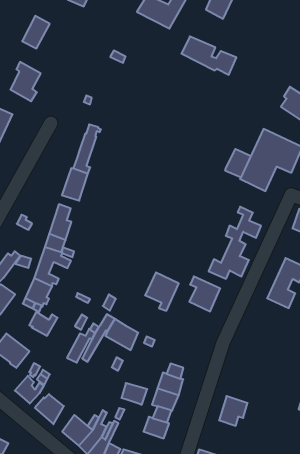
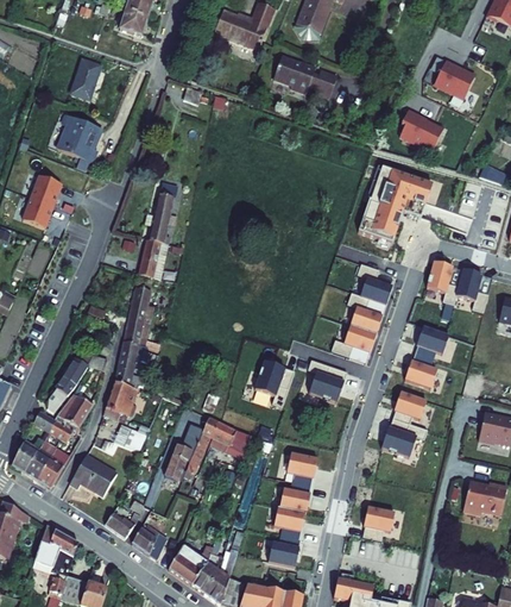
building: [225,149,251,178] -> none
building: none -> [384,389,430,456]
building: [121,383,147,405] -> [289,450,320,475]

